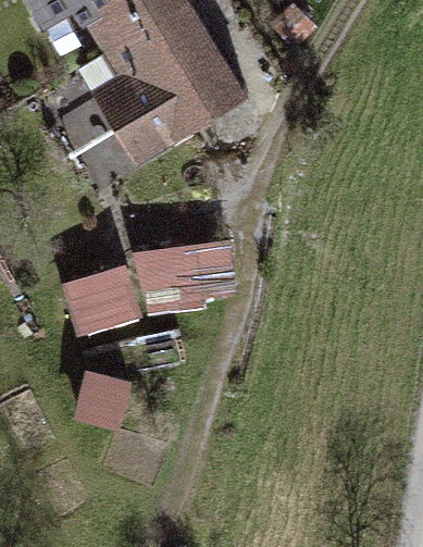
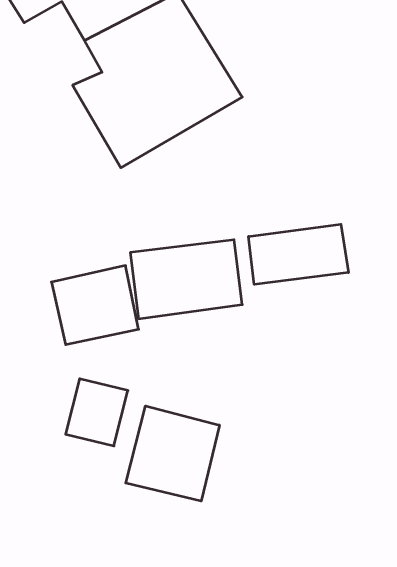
building: none -> [249,224,348,284]
building: none -> [126,406,219,501]

